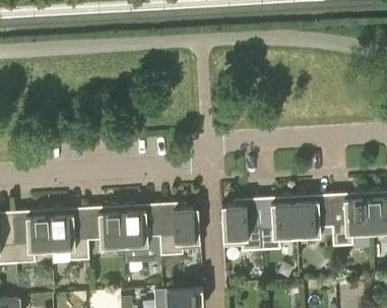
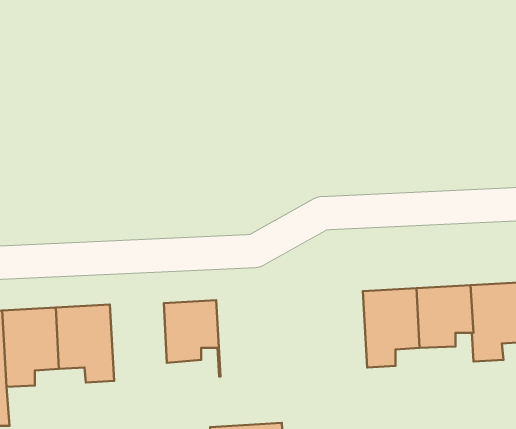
building: [220,199,260,252] -> none
building: [157,203,200,257] -> none
building: [85,207,124,260] -> none

